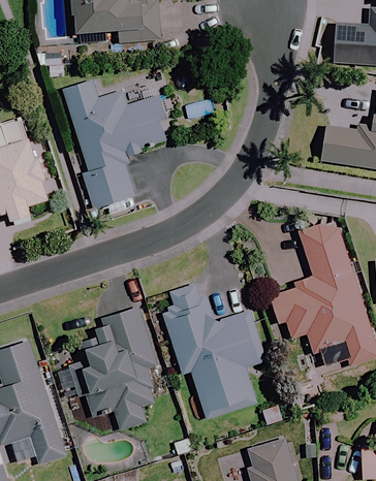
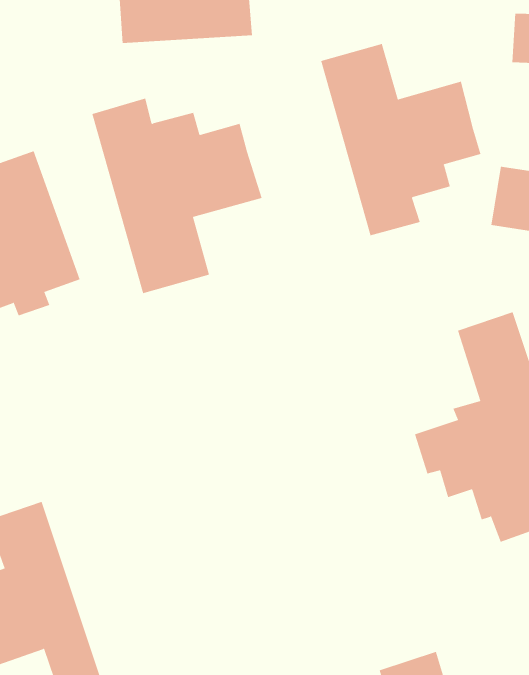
building: none -> [320,43,481,236]
building: [159,286,269,420] -> none
building: [55,307,161,430] -> none

